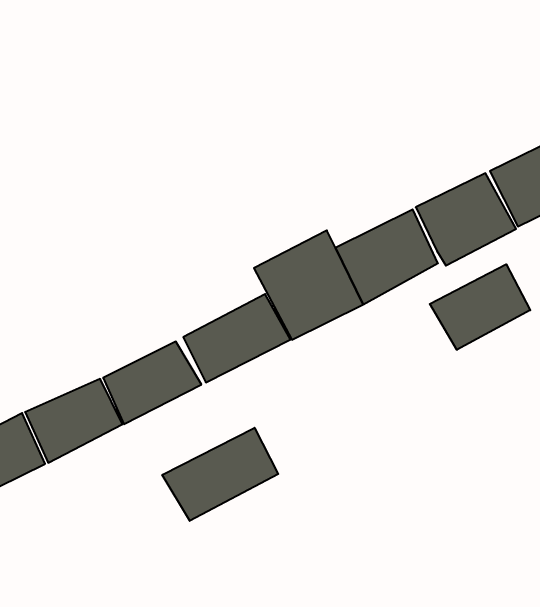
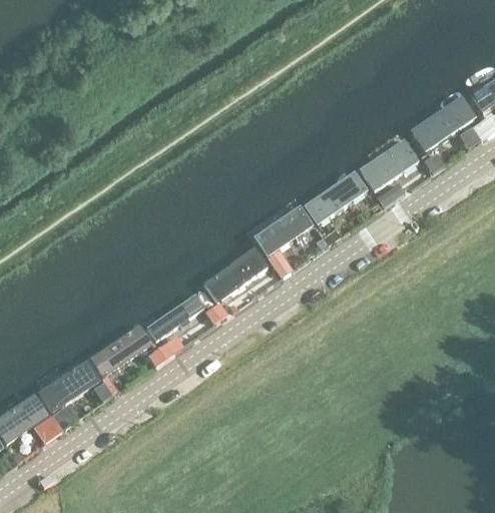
building: [430,264,530,350] -> none
building: [162,428,278,521] -> none

